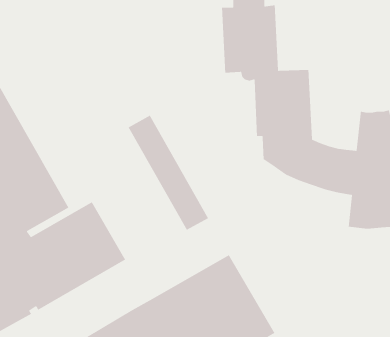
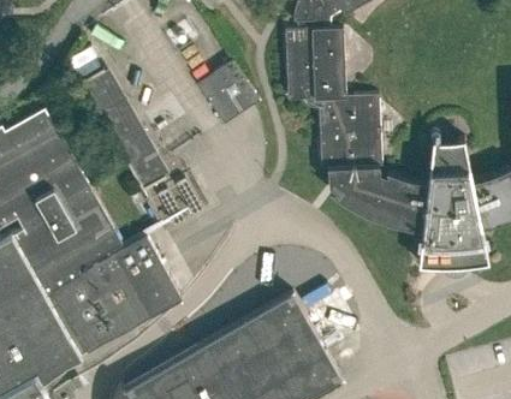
building: none -> [197,64,259,127]
building: [128,115,209,231] -> [79,71,166,195]

